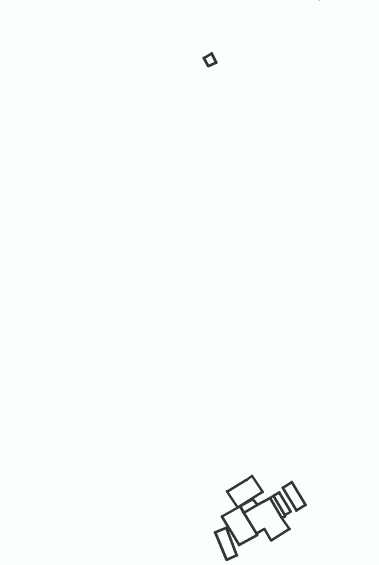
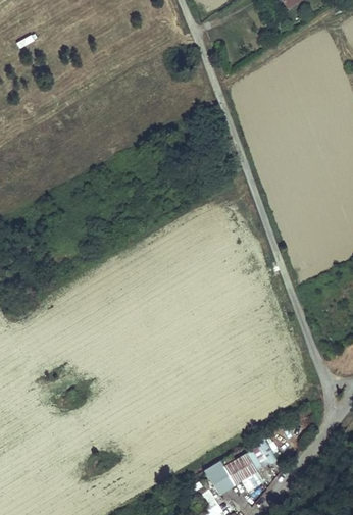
building: [227,476,263,508] -> none

